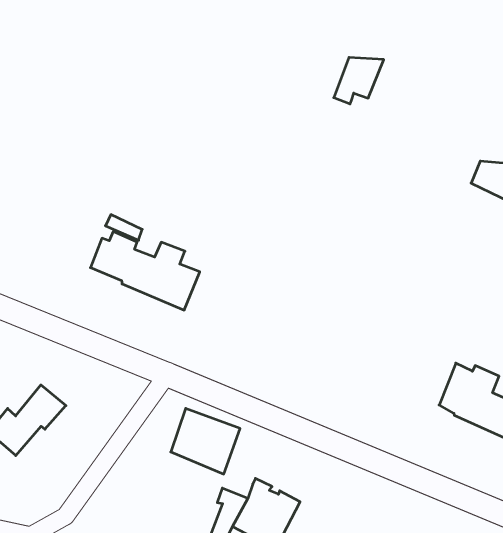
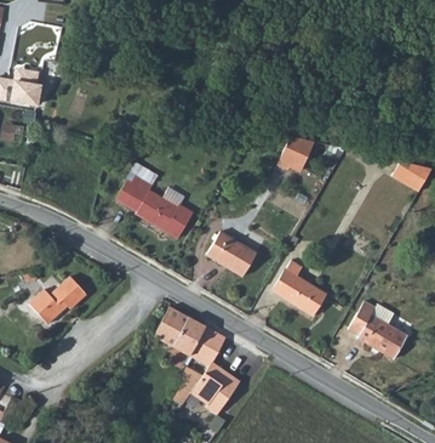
building: [334,57,384,104] -> [274,137,313,170]
building: none -> [206,232,257,277]
building: none -> [270,261,325,316]
building: none -> [190,326,227,367]

